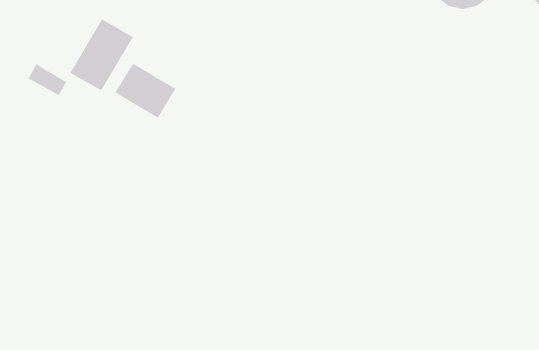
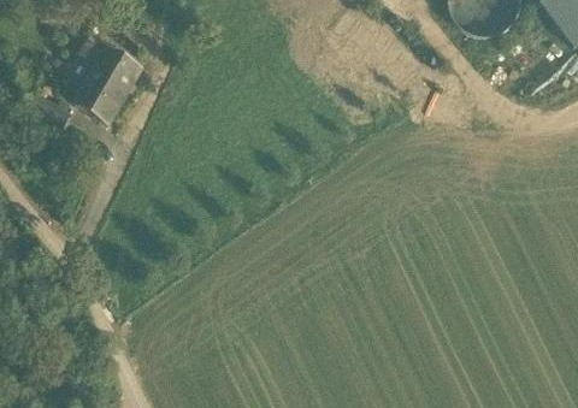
building: [115,63,176,119] -> none

